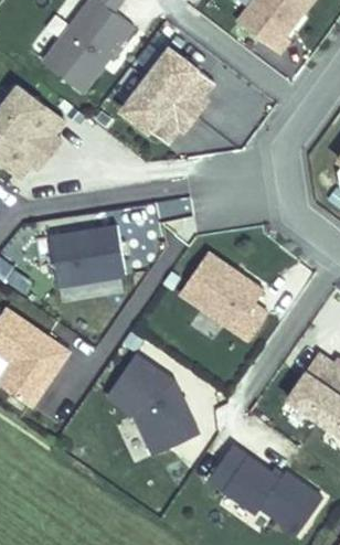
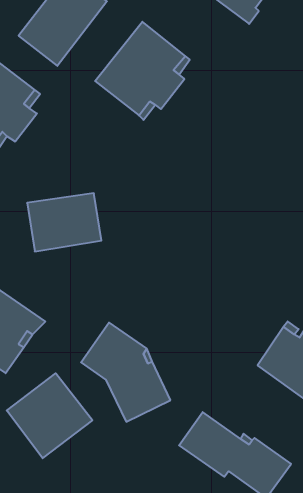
building: [178,253,266,341] -> none
building: none -> [7,373,92,458]

